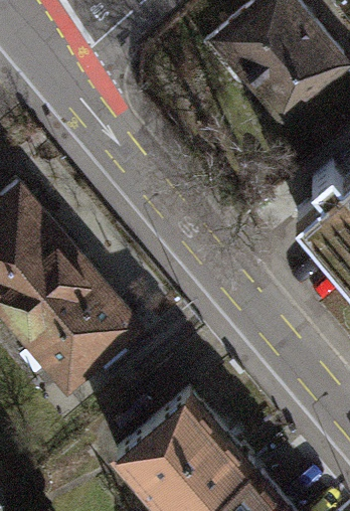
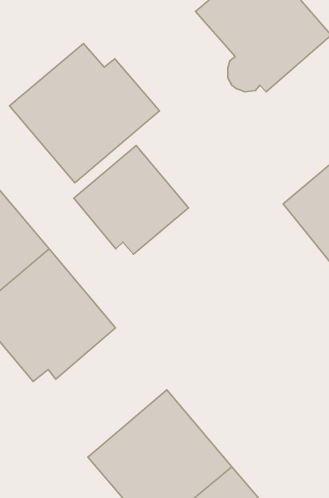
building: none -> [9,43,160,183]
building: none -> [74,145,189,254]

